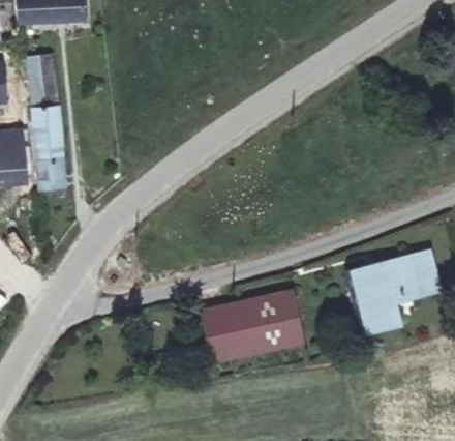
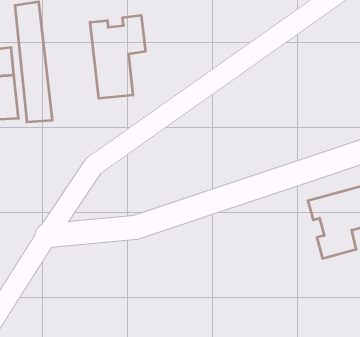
building: none -> [90,15,145,98]
building: [206,293,305,358] -> none

